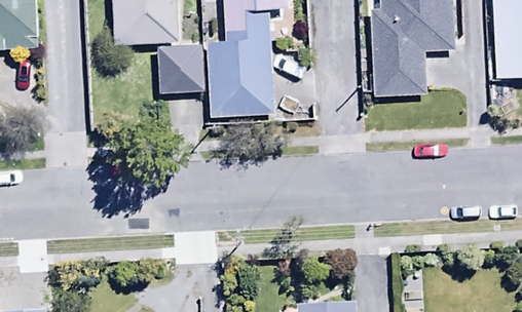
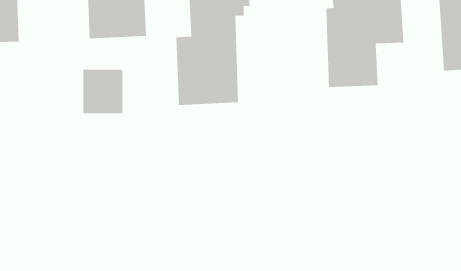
building: [158,44,202,92] -> [82,69,123,114]

